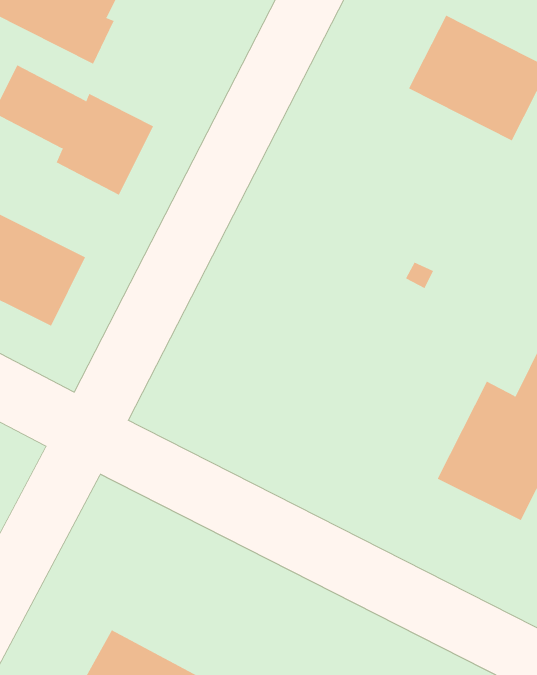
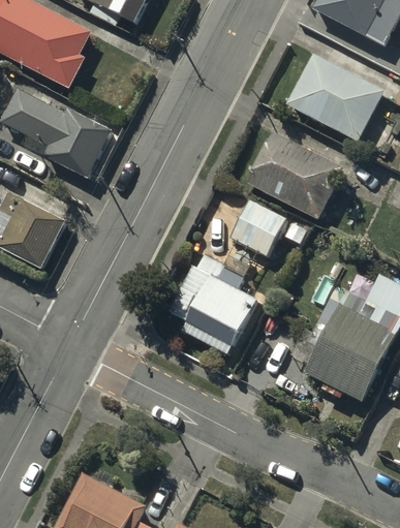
building: none -> [248,133,343,220]
building: none -> [229,199,284,254]
building: none -> [167,253,253,352]

